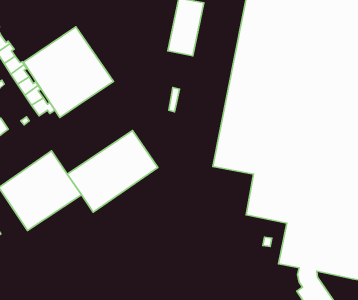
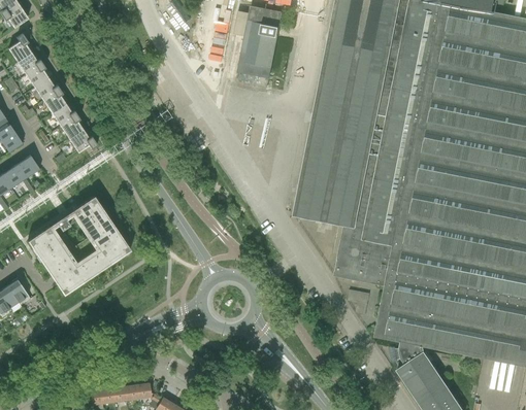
building: [23,27,113,117] -> none
building: [67,130,158,212] -> none

